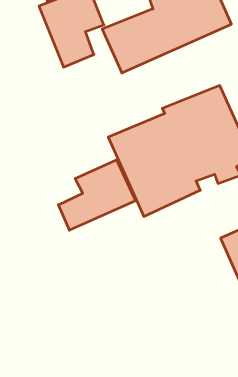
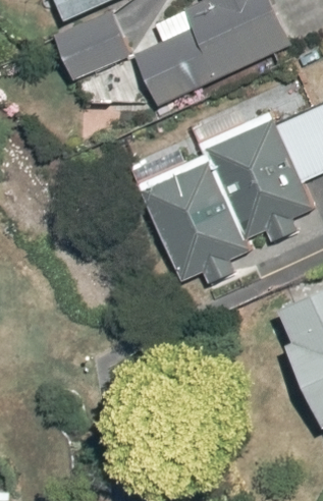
building: [58,160,135,230] -> none

